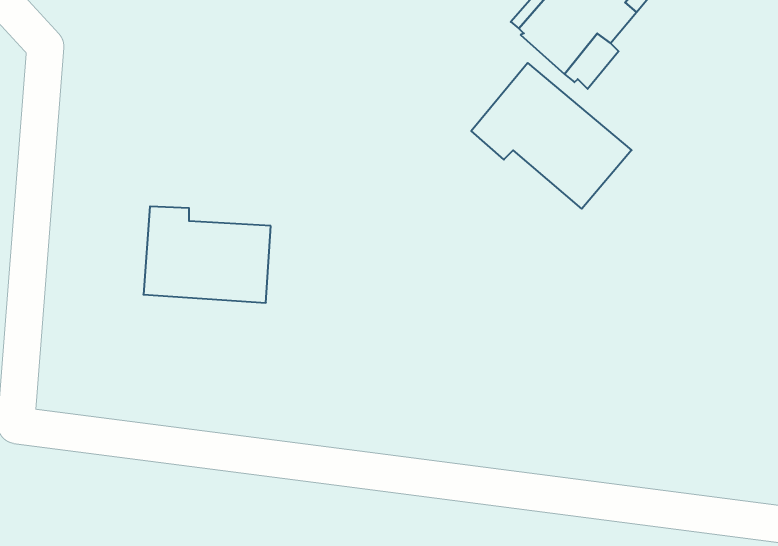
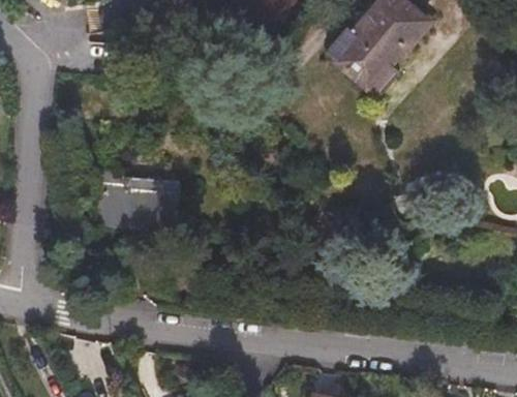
building: [471,63,632,209] -> none

